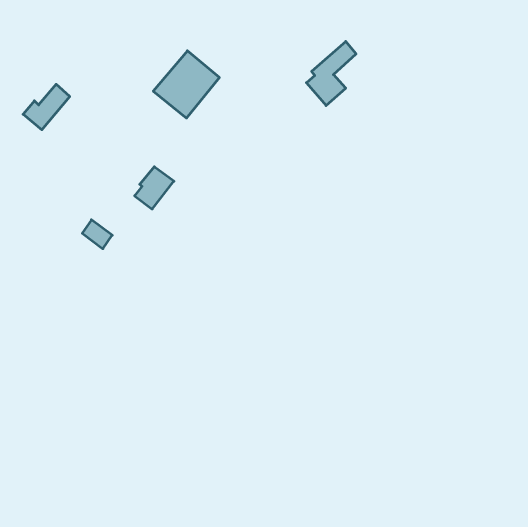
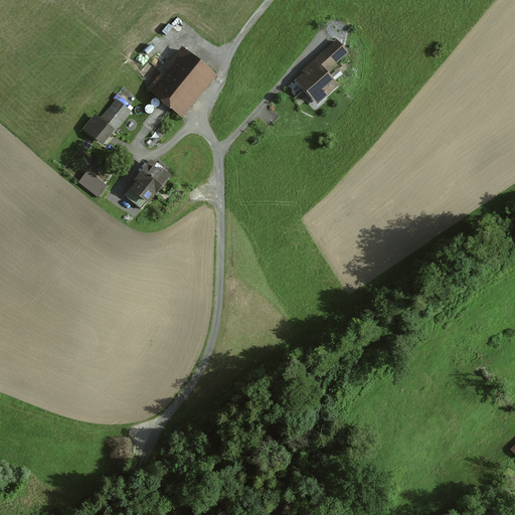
building: [23,84,70,130] -> [83,99,129,143]
building: [82,220,112,249] -> [78,166,108,194]

